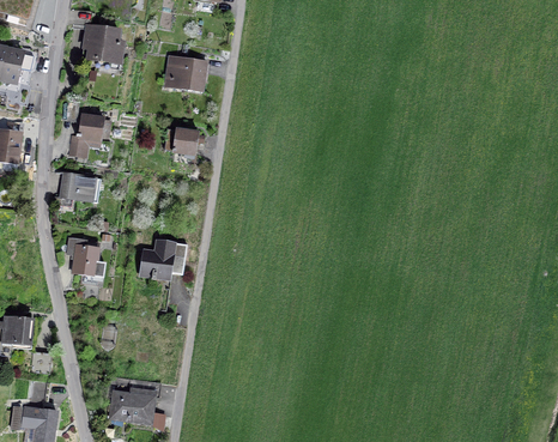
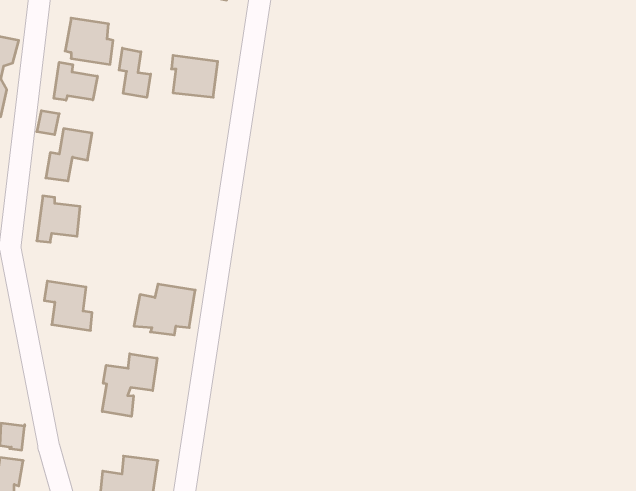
building: none -> [119,48,151,97]
building: none -> [54,62,97,100]
building: [163,126,199,155] -> none
building: none -> [102,354,157,416]

